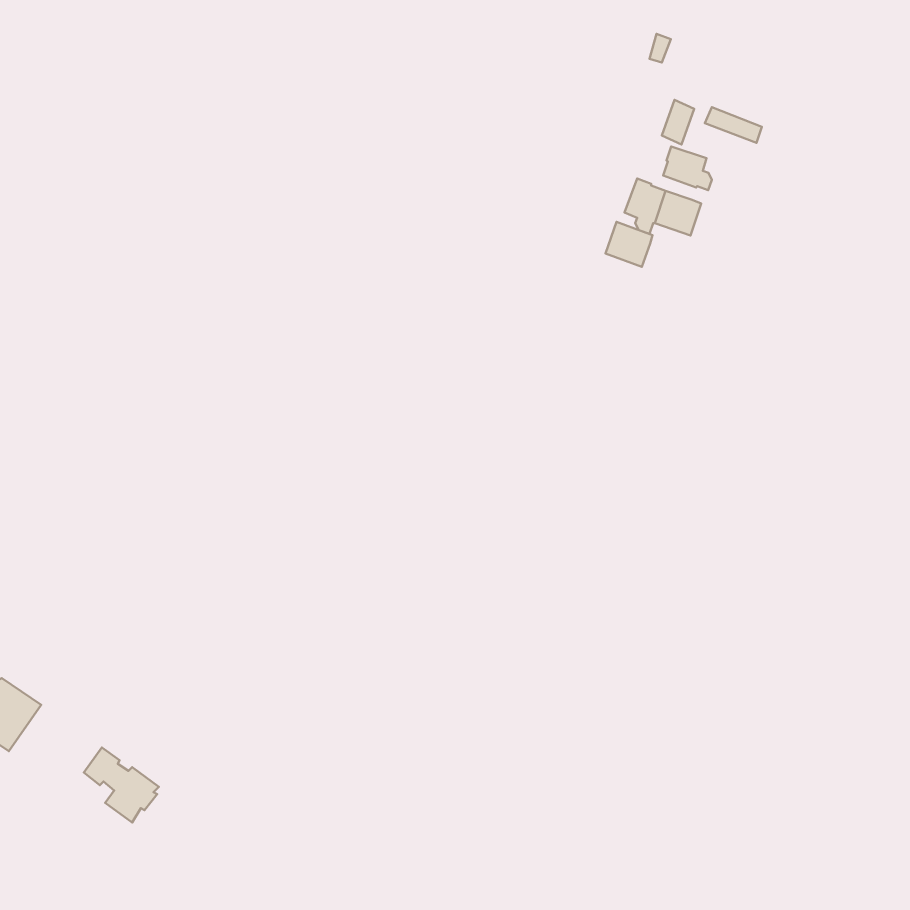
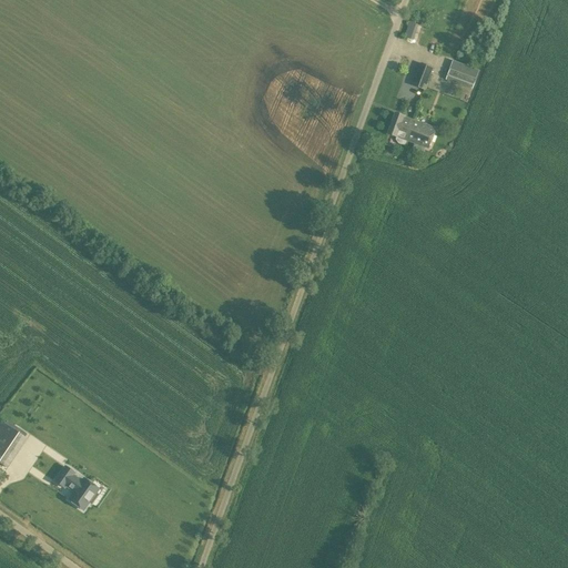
building: [663,146,712,190] -> none
building: [606,222,653,267] -> none

